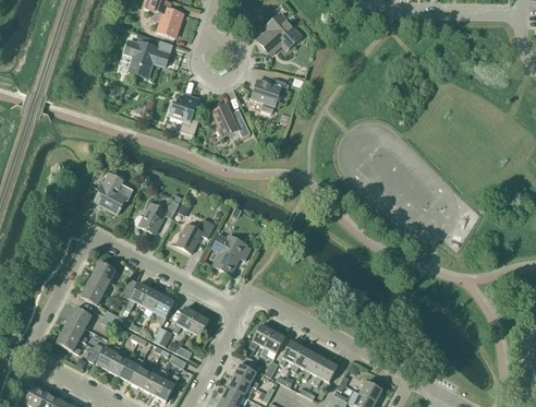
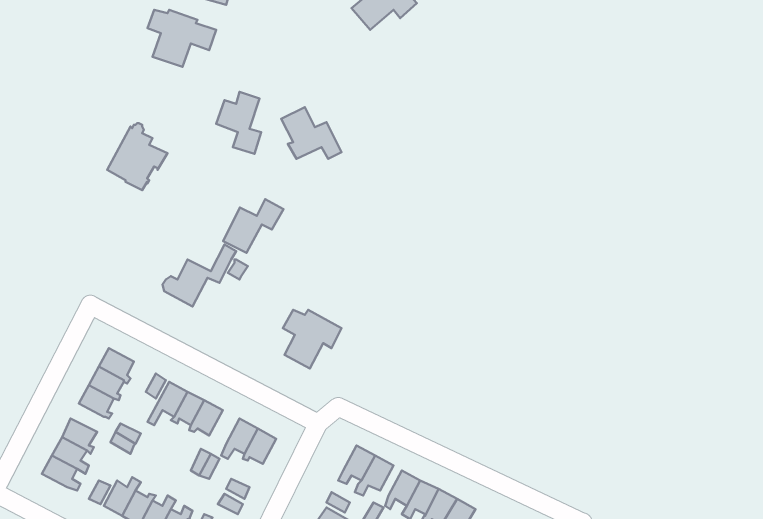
building: [251,79,285,112] -> none
building: [94,170,133,214] -> [107,123,167,190]
building: [175,218,215,253] -> [223,199,283,253]

